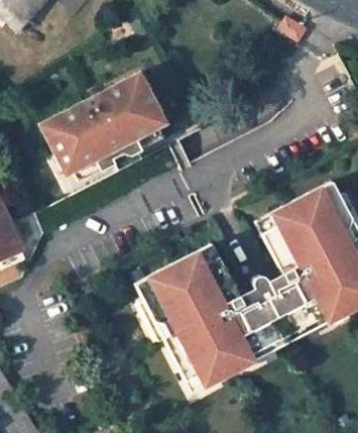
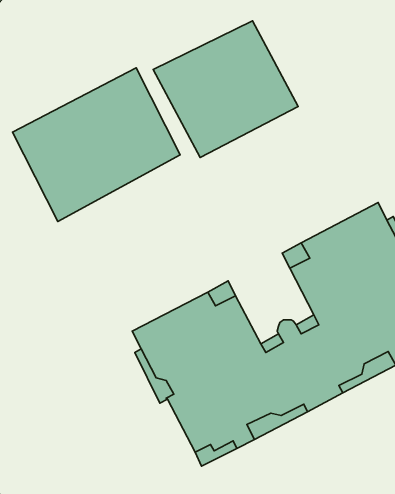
building: none -> [153,21,298,158]

